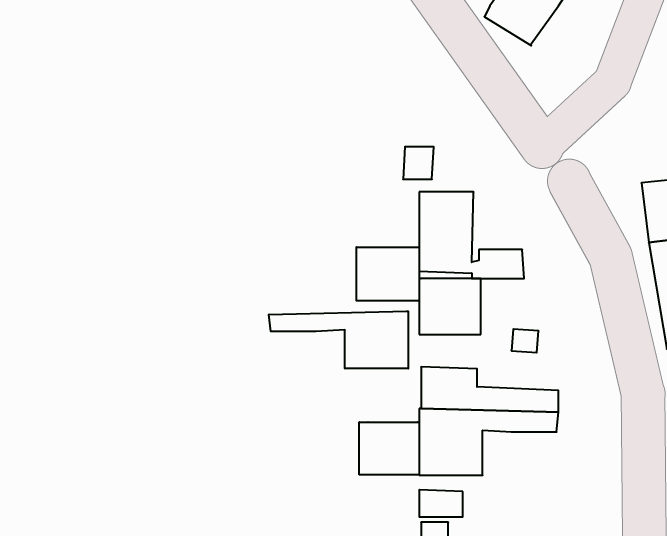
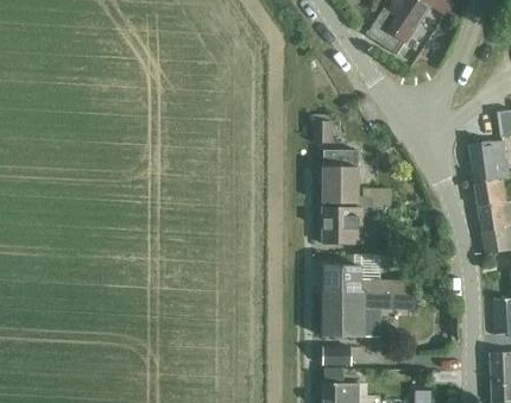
building: [356,247,419,301] -> none
building: [269,311,408,369] -> none
building: [359,422,419,475] -> none

